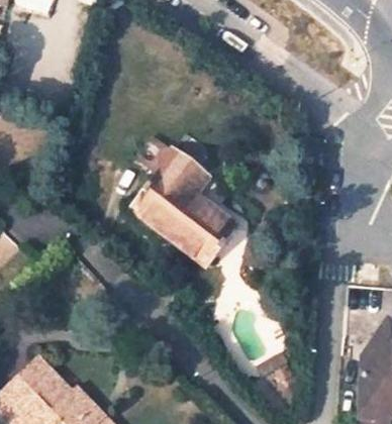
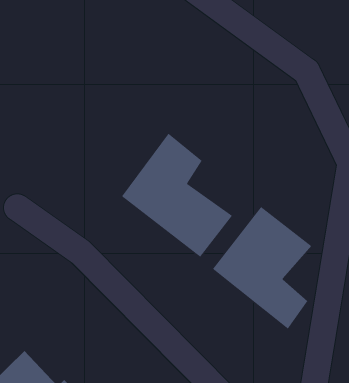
building: none -> [212,206,312,330]

